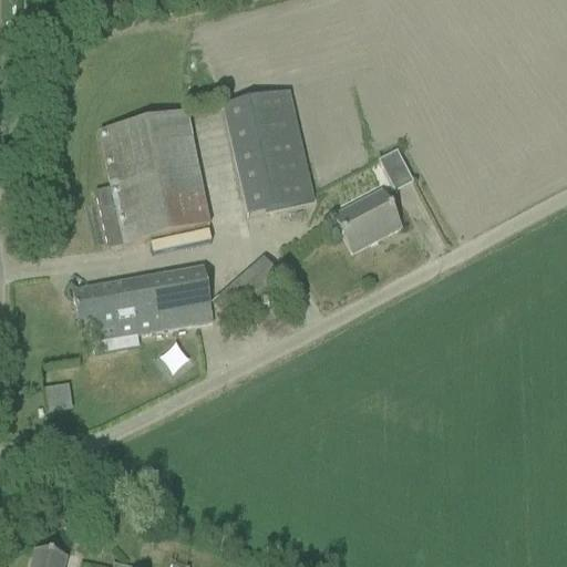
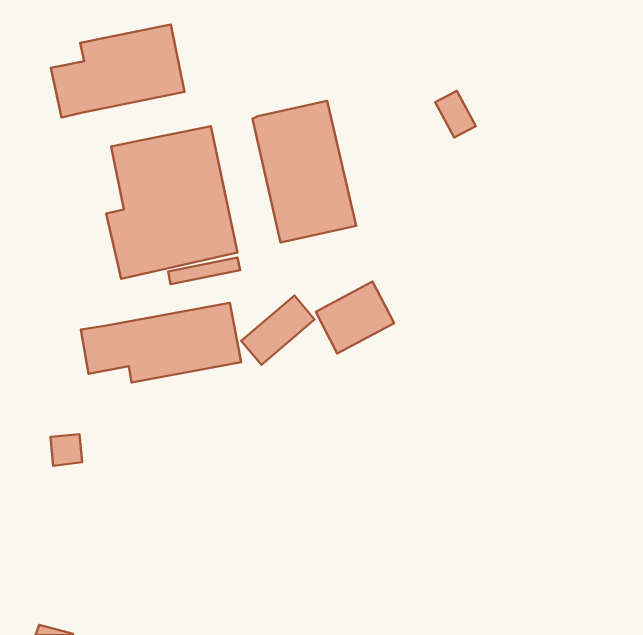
building: none -> [51,25,184,118]
building: [379,147,414,188] -> [435,91,476,138]
building: [333,187,402,250] -> [316,281,394,353]

